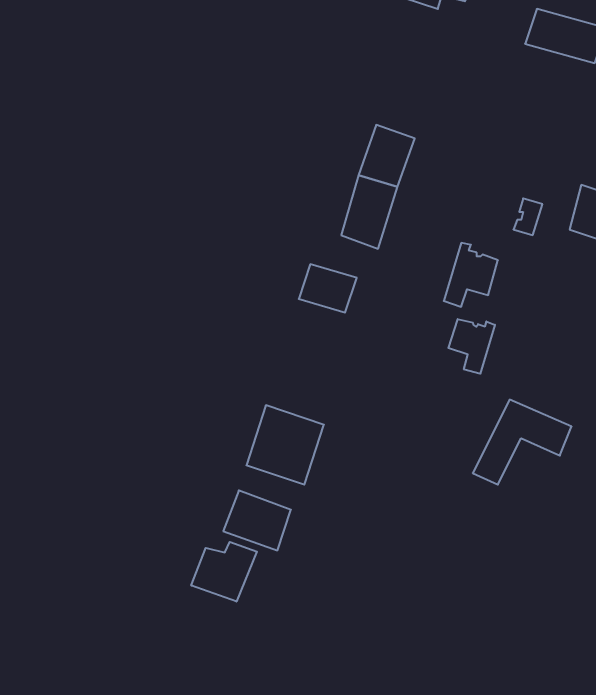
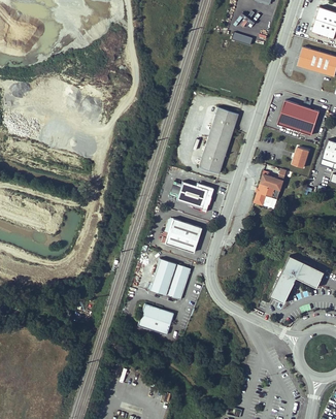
building: none -> [277,100,320,135]
building: [448,319,495,374] -> none
building: none -> [164,218,201,252]
building: [191,542,257,602] -> none

